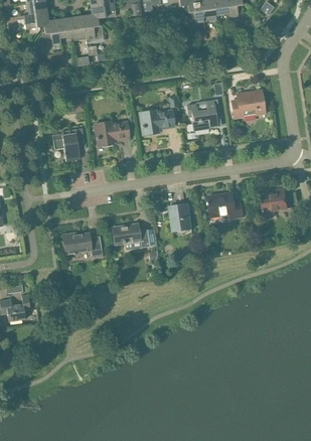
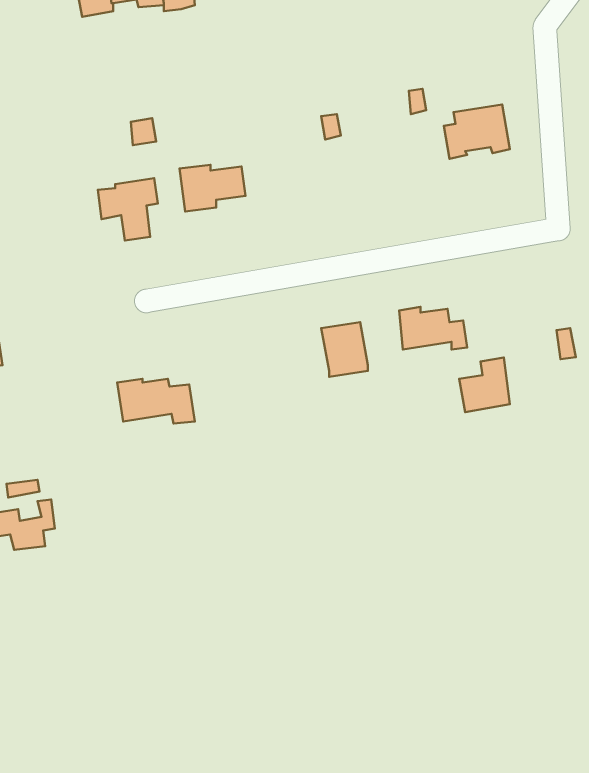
building: [186,100,219,132] -> none
building: [140,111,174,135] -> none
building: [261,184,287,212] -> [459,358,510,412]
building: [112,224,150,248] -> none

